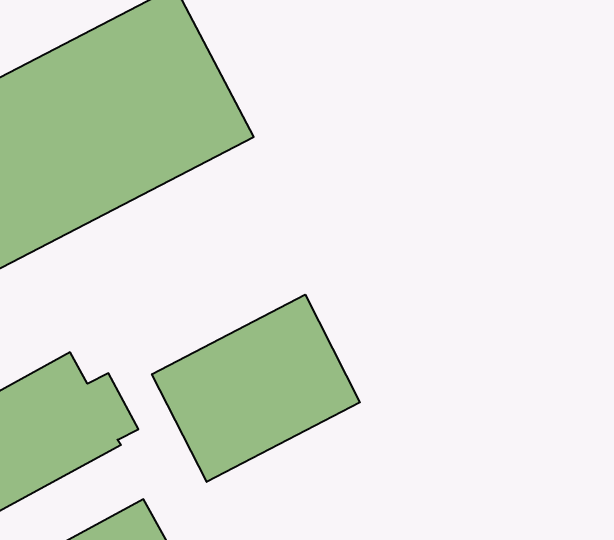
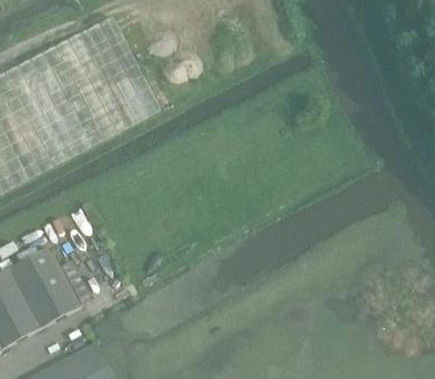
building: [152,295,360,482] -> none

